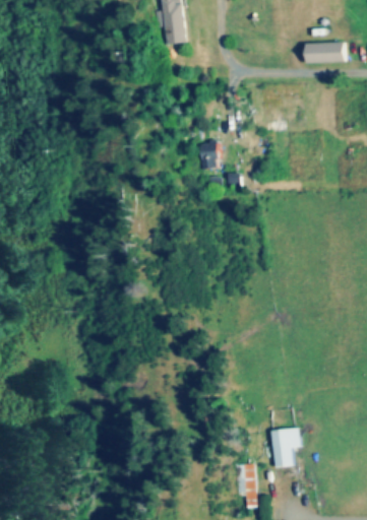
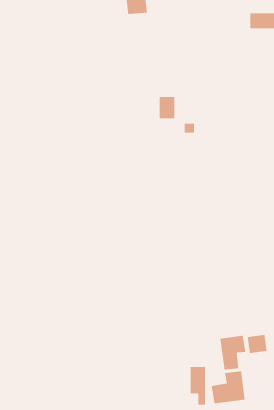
building: none -> [247,334,267,354]
building: none -> [211,371,245,404]

